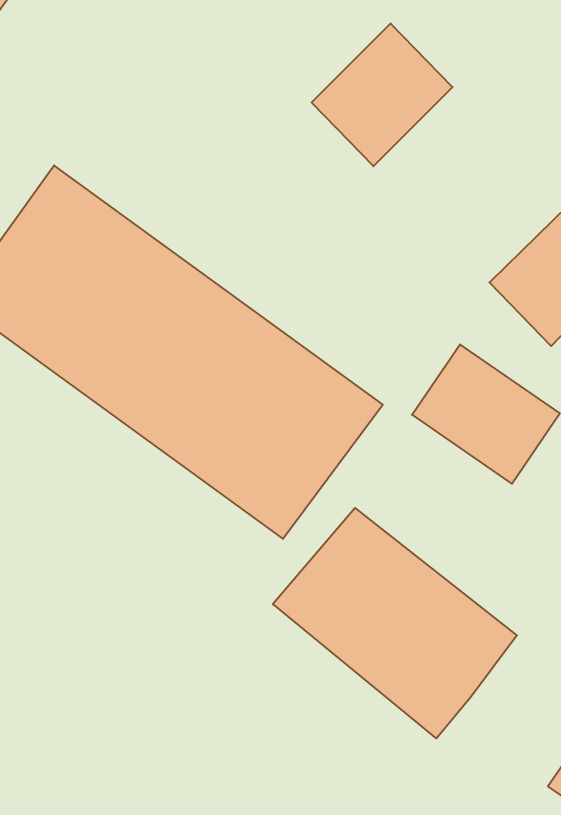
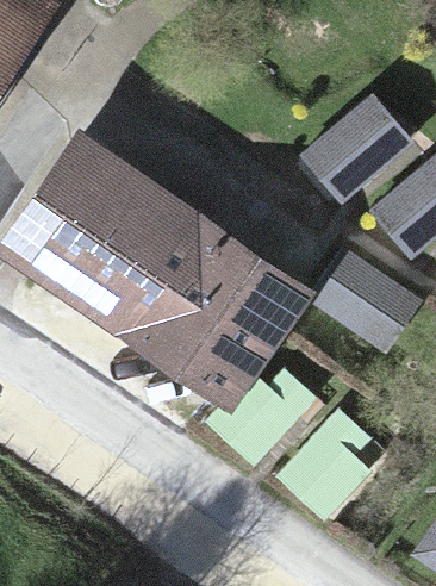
building: [312,23,453,166] -> [304,101,401,200]

